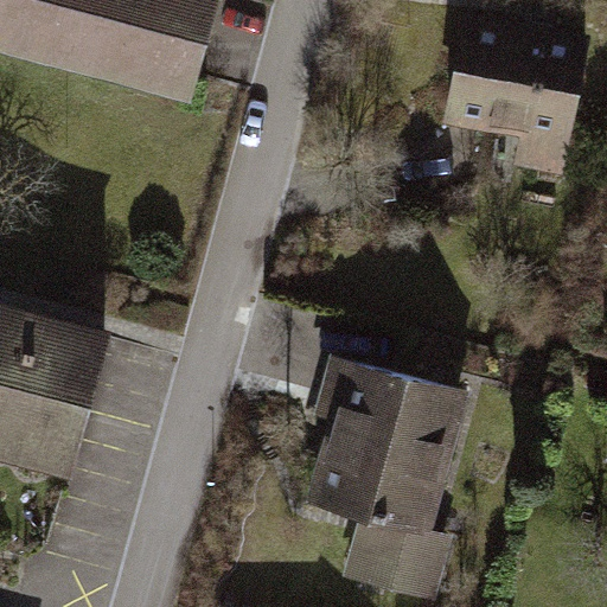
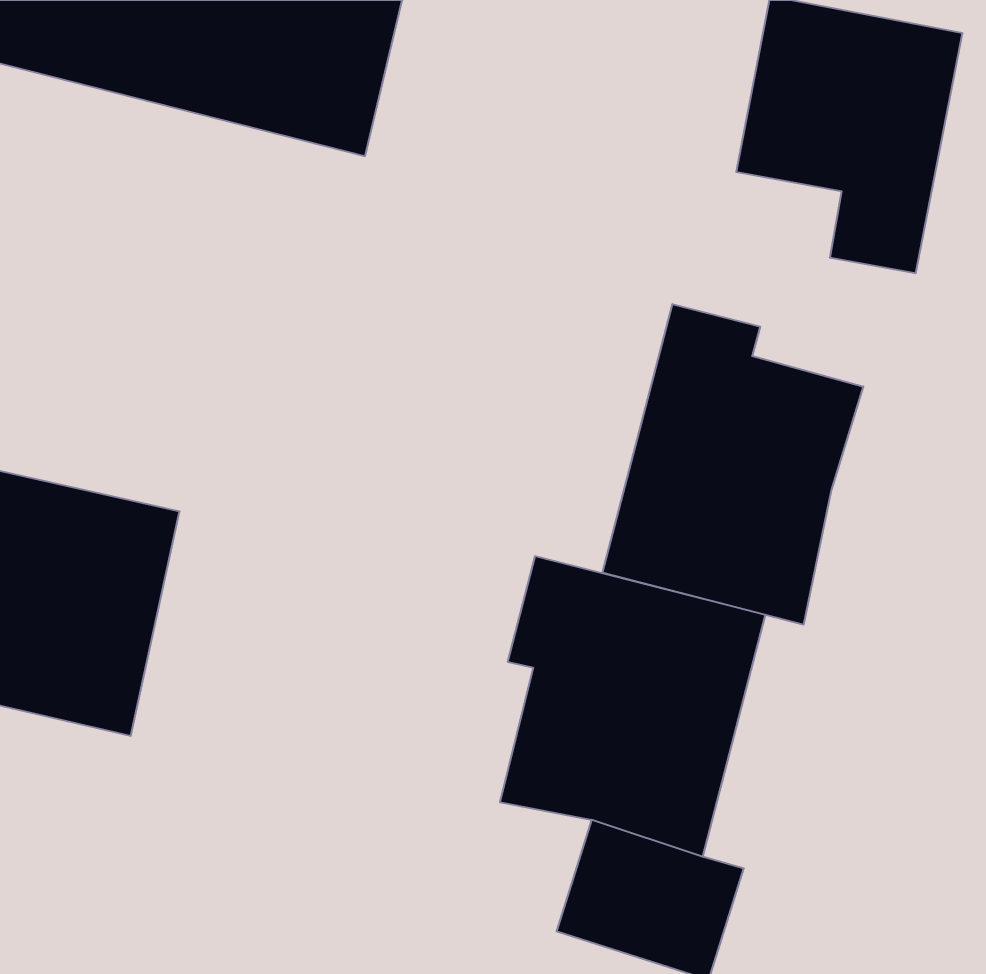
building: none -> [602,304,863,625]

